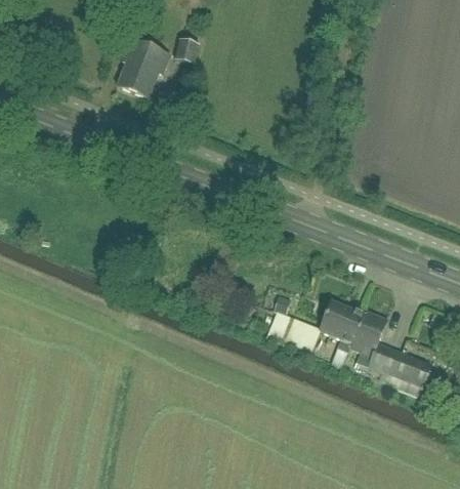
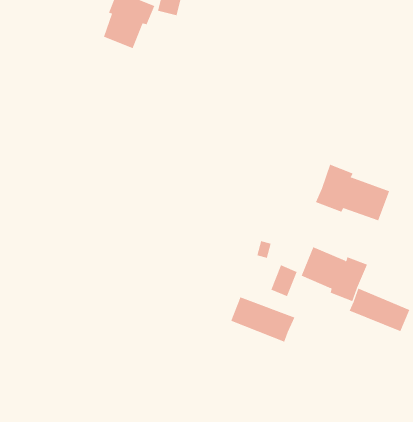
building: none -> [315,164,390,221]
building: none -> [231,296,295,343]

